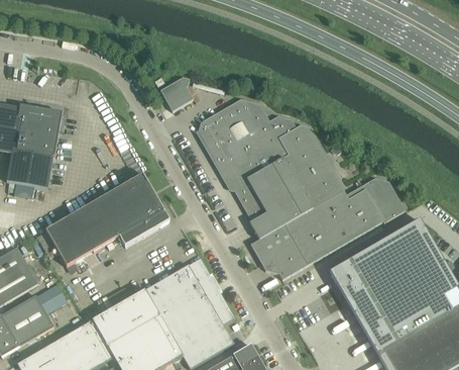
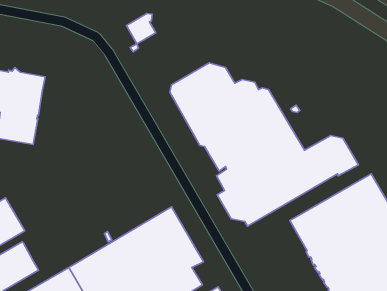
building: [160,78,193,111] -> [127,13,156,44]
building: [45,174,169,267] -> none
building: [36,284,68,314] -> none

